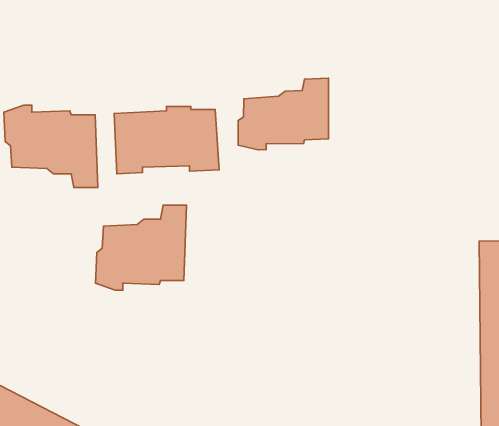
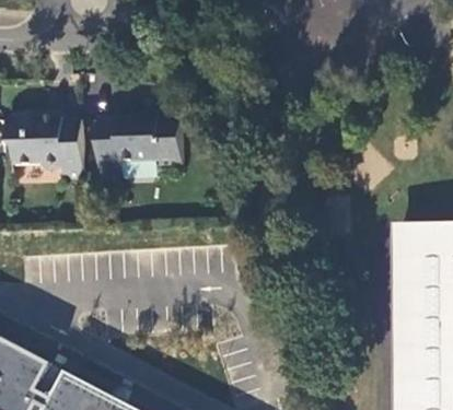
building: [238,78,328,150] -> none
building: [96,205,186,290] -> none

